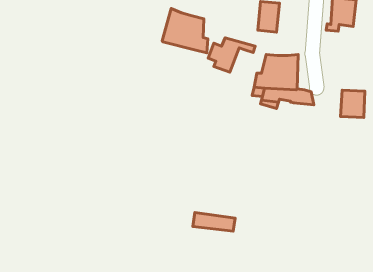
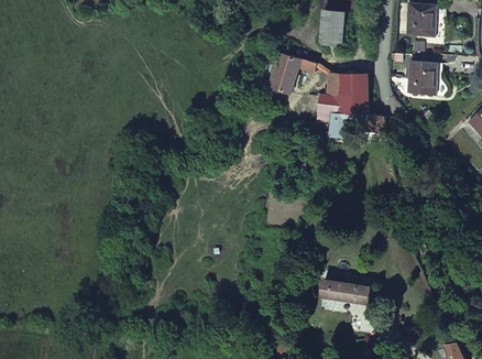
building: [162,9,208,53] -> none
building: [340,90,365,117] -> [408,63,437,95]
building: [193,212,235,231] -> [320,279,370,301]

